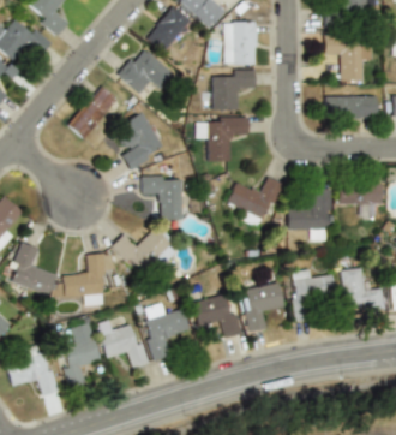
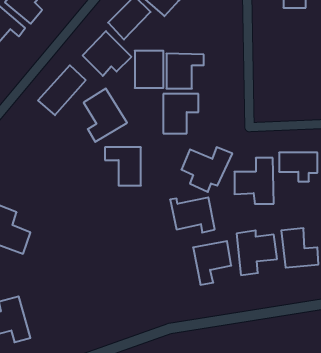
building: [224,22,257,64] -> [135,51,163,88]
building: [324,36,372,82] -> none
building: [325,96,377,118] -> none
building: [113,227,170,273] -> none
building: [64,254,107,306] -> none
building: [192,294,242,334] -> [170,197,215,233]
building: [143,305,192,359] -> none
building: [97,322,149,367] -> none
building: [60,324,102,387] -> none

